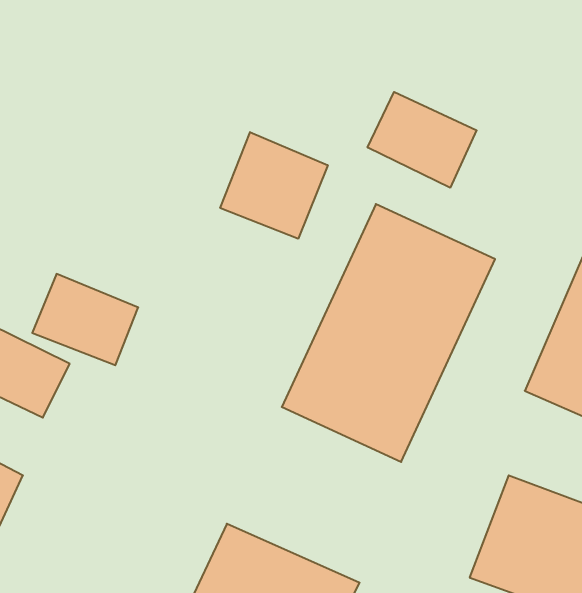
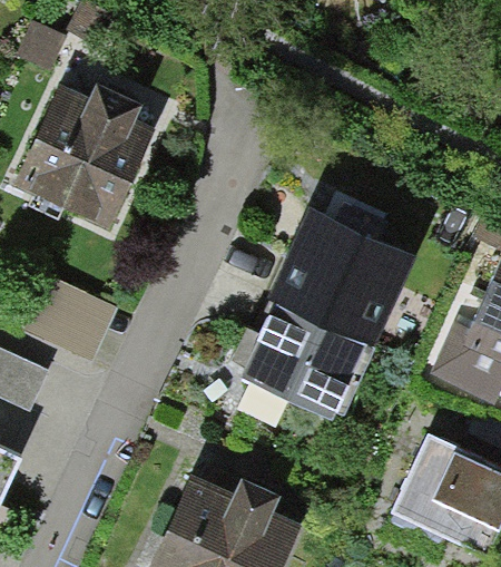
building: none -> [14,69,165,231]
building: [368,92,477,188] -> none
building: [220,132,328,239] -> none

